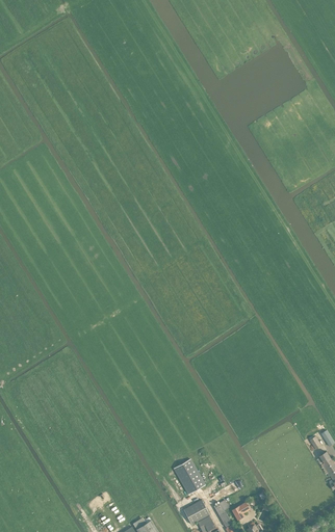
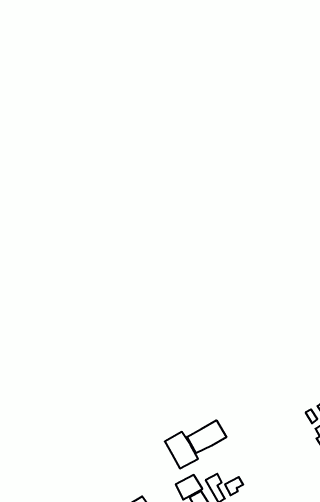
building: none -> [187,420,226,453]

